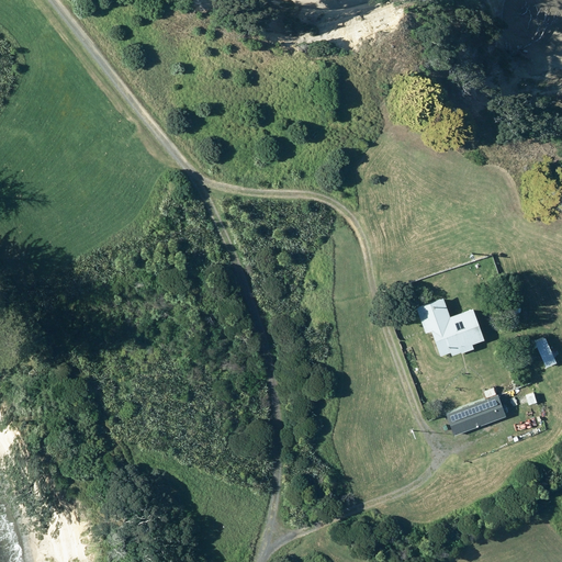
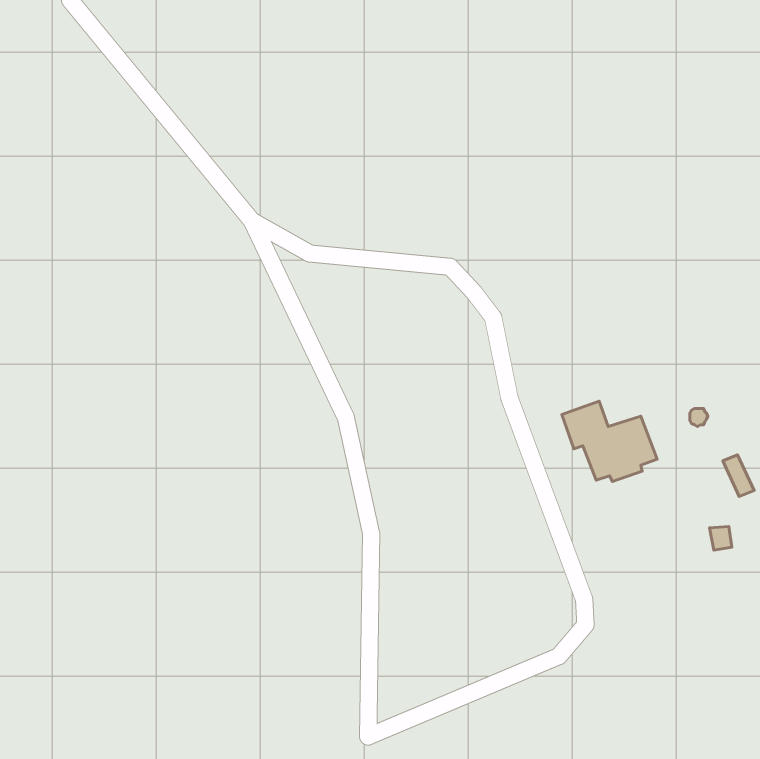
building: [447,394,506,436] -> none

